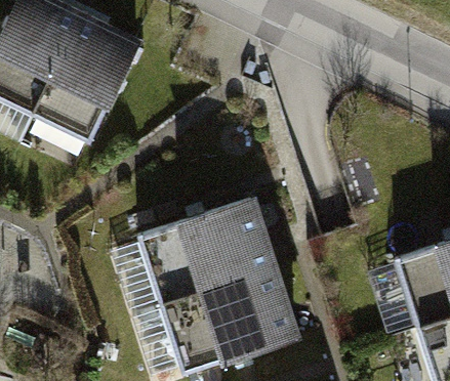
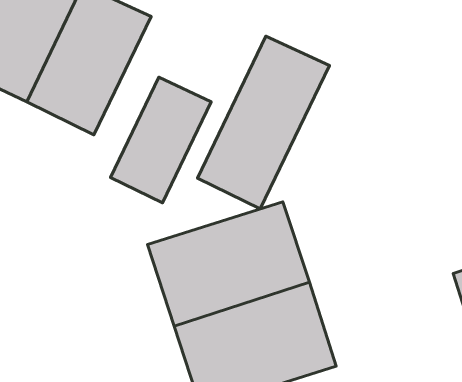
building: none -> [197,36,330,209]
building: none -> [111,77,211,203]

